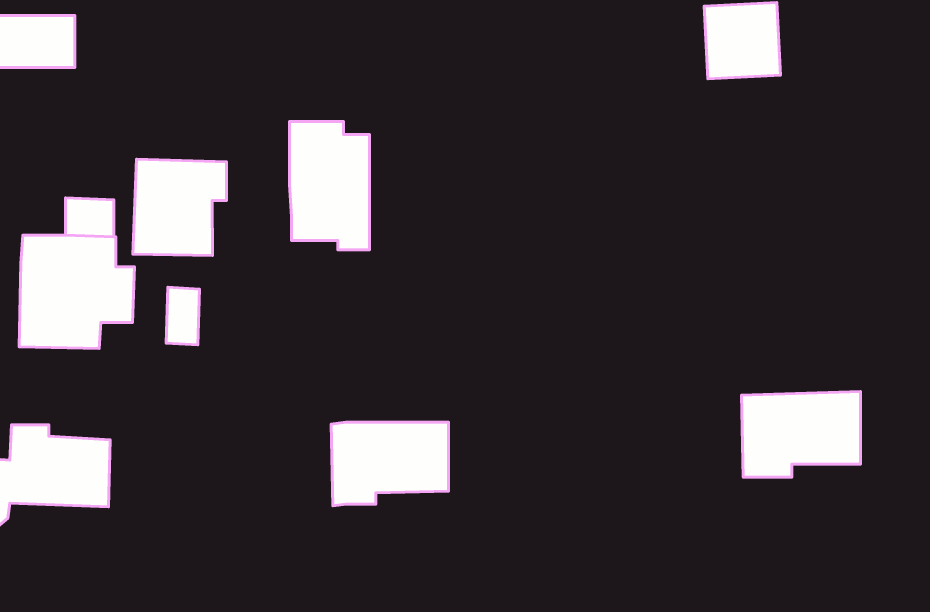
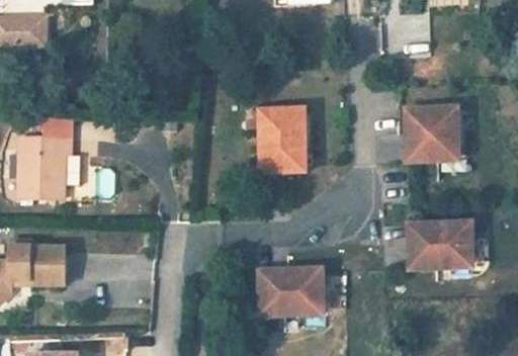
building: [290,121,370,250] -> [258,101,301,171]
building: [133,159,227,255] -> none
building: none -> [406,109,458,163]
building: [331,422,448,506] -> [256,271,320,317]

